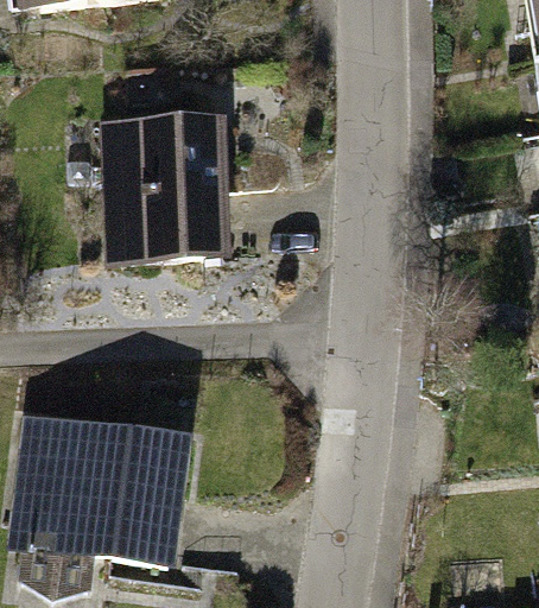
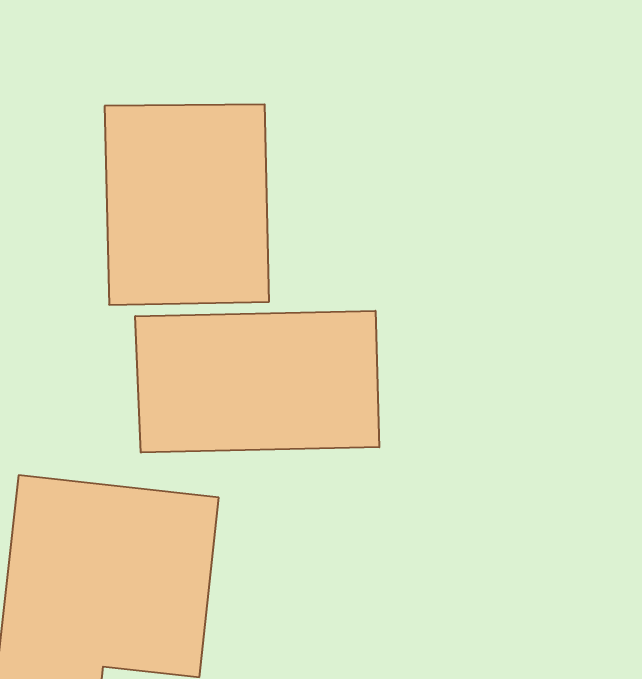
building: none -> [135,311,379,453]

